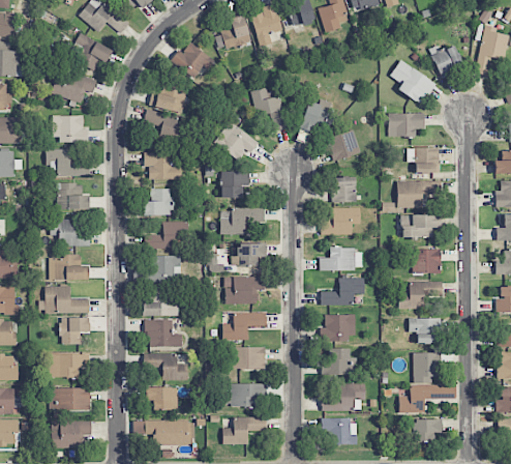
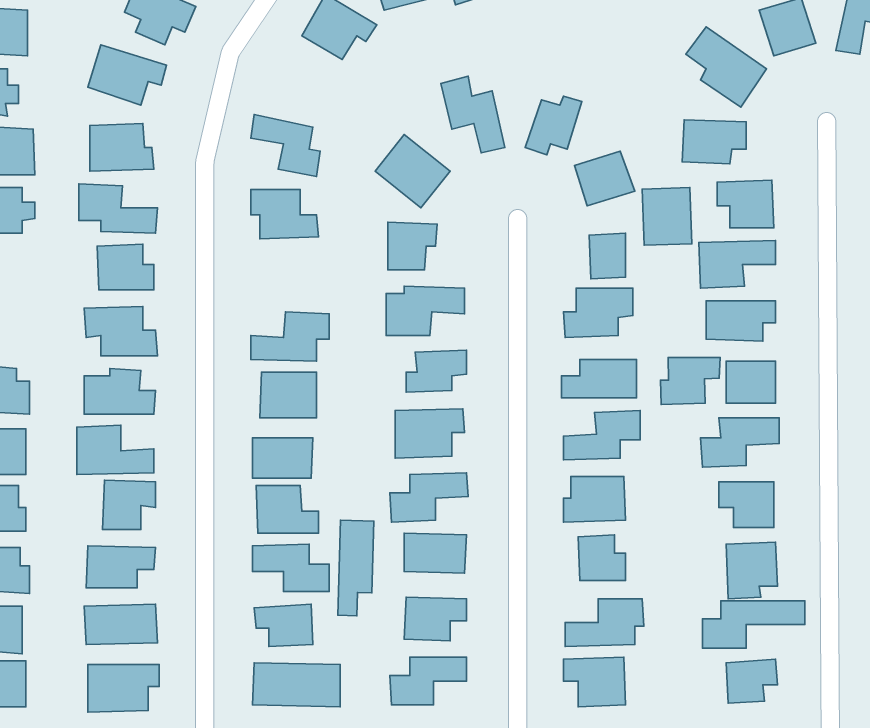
building: [149,82,188,114] -> none
building: none -> [642,188,692,245]
building: [143,188,173,215] -> none
building: none -> [661,358,720,404]
building: none -> [338,520,374,616]

